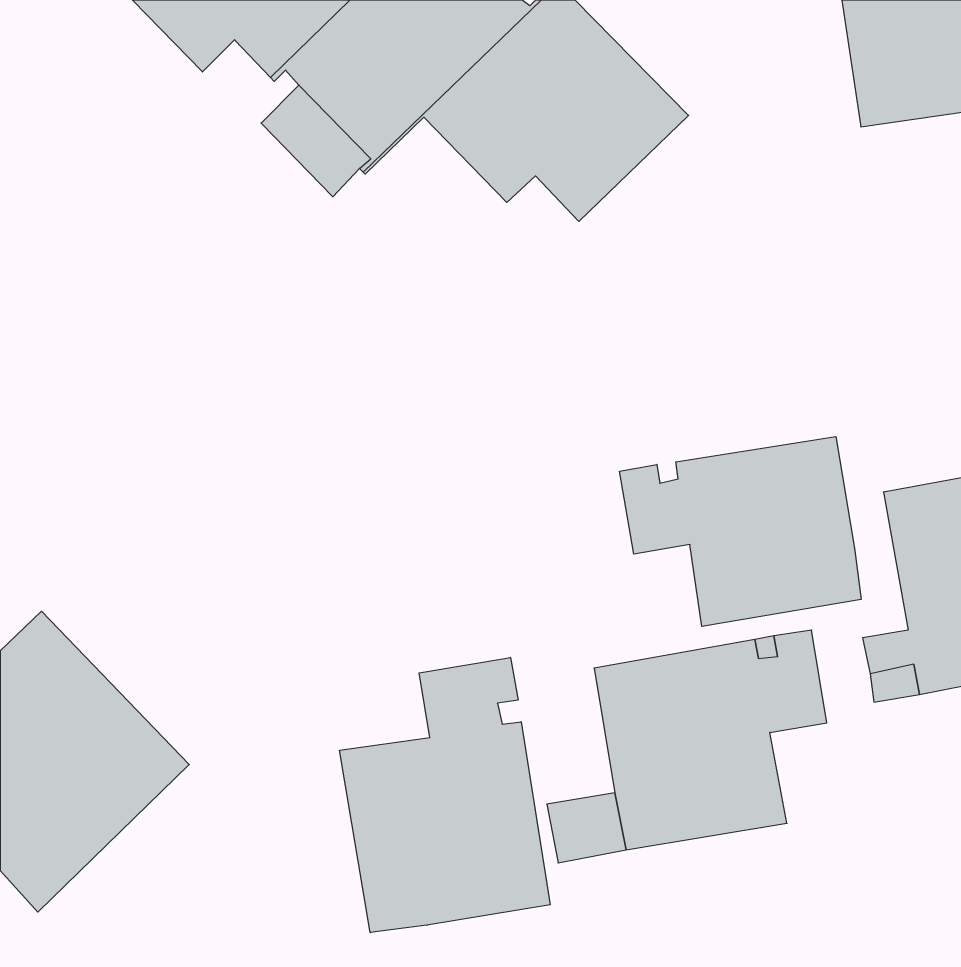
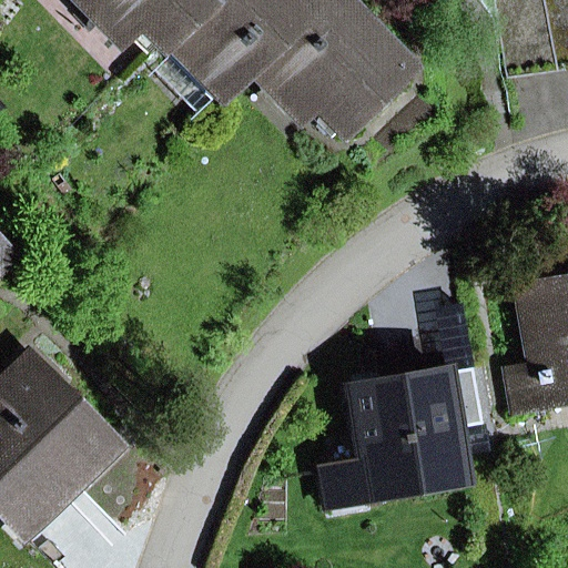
building: [620,437,861,626] -> none
building: [340,657,550,933] -> none

